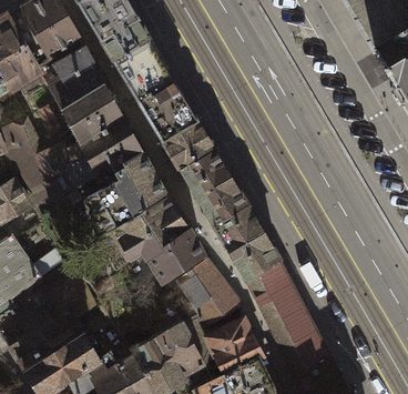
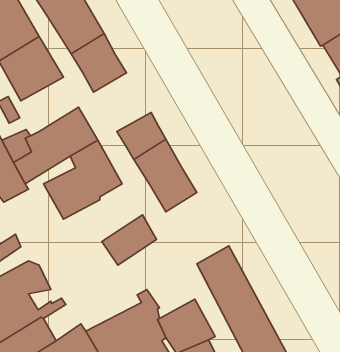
building: [140,83,200,144] -> none
building: [64,88,124,144] -> none
building: [100,199,191,270] -> none
building: [215,208,280,282] -> none
building: [180,262,236,323] -> none

